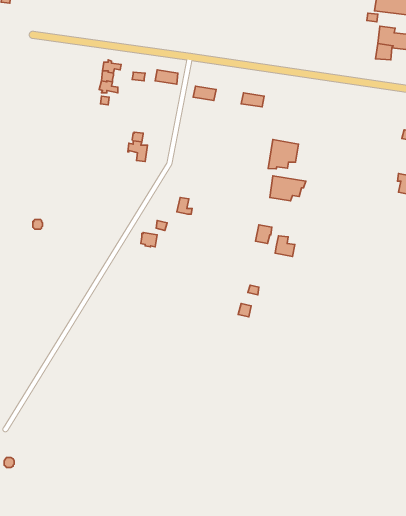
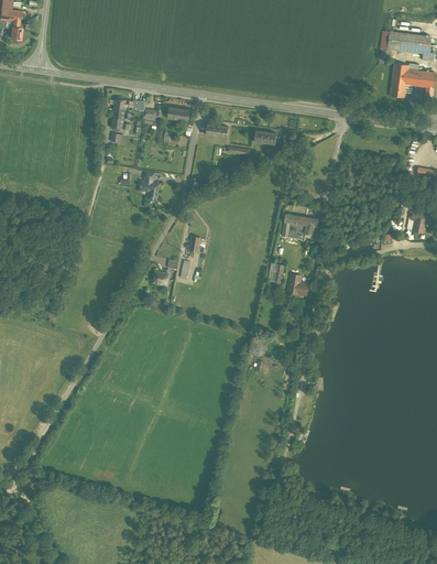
building: [268,139,299,169] -> none

